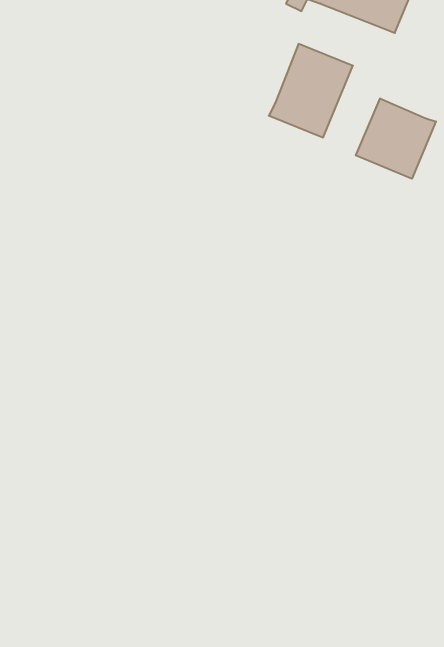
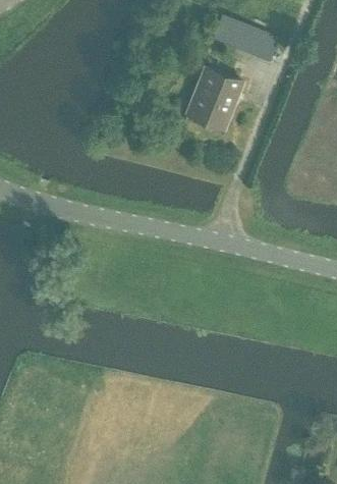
building: [356,98,436,179] -> none

